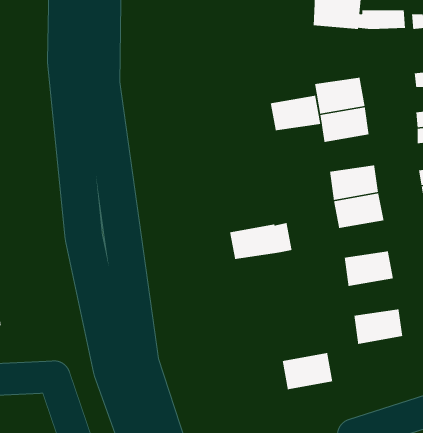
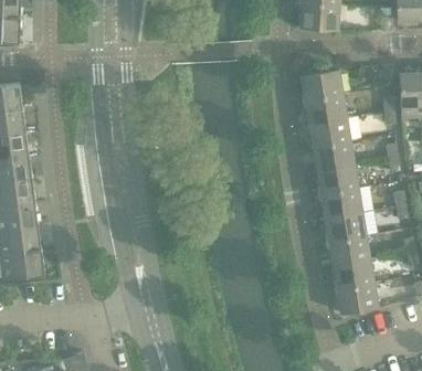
building: [270,95,321,131] -> [307,117,349,147]
building: [229,222,293,260] -> [319,187,371,218]
building: none -> [327,235,369,265]
building: [282,352,333,390] -> [335,283,377,314]

